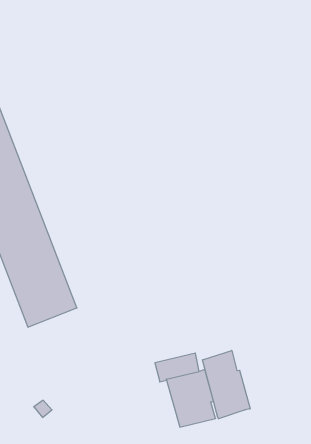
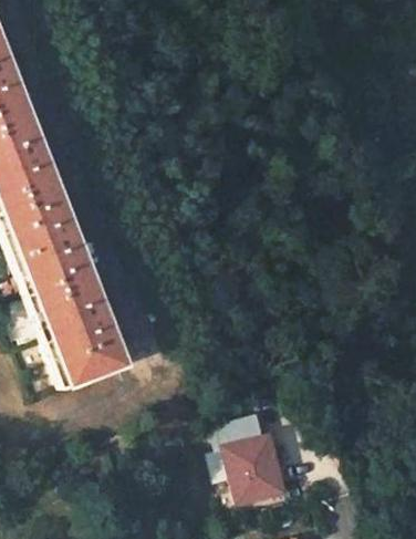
building: [203,350,250,419] -> none

